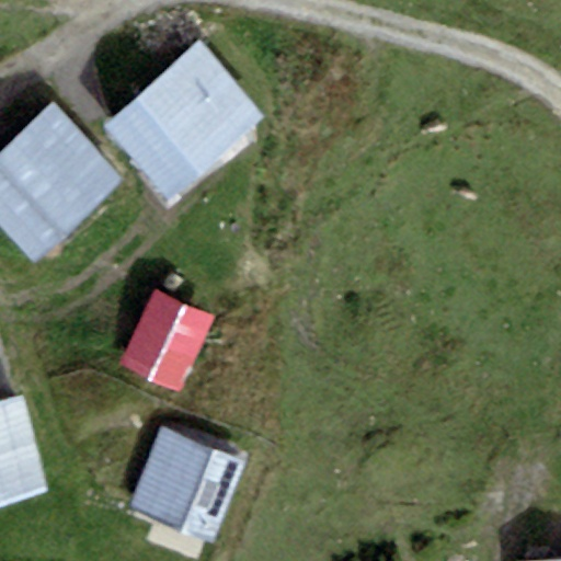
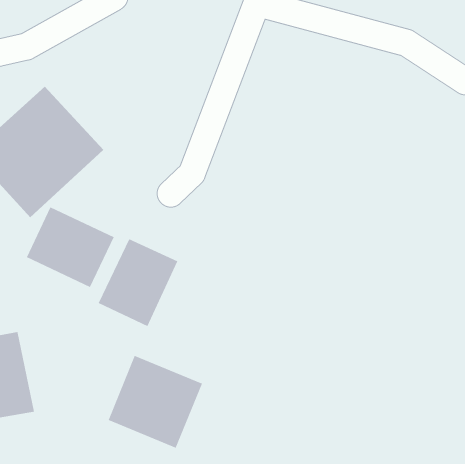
building: [105,42,263,197] -> none
building: none -> [26,206,114,288]

